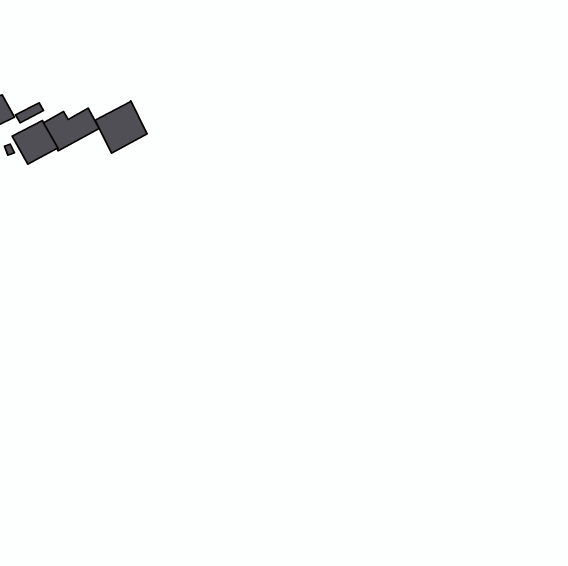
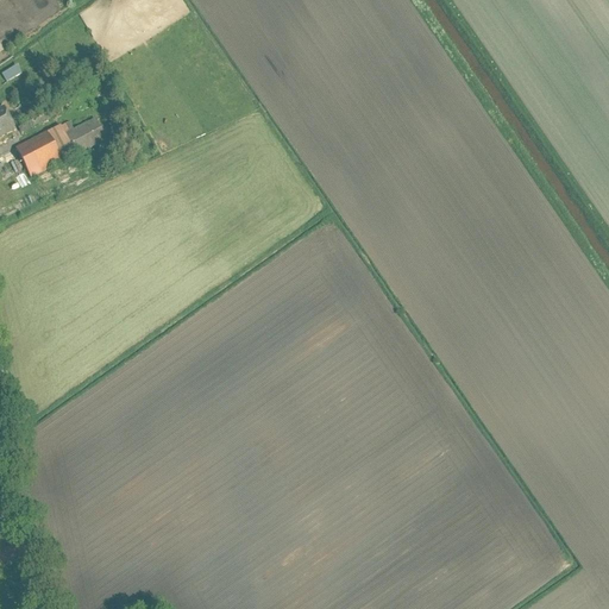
building: [95,101,147,153] -> none

